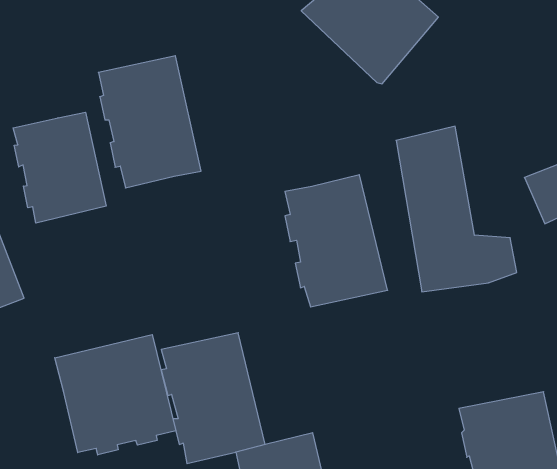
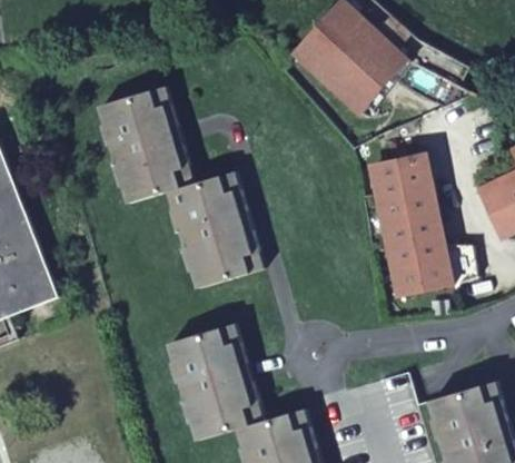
building: [13,112,106,223] -> none
building: [285,175,388,307] -> [178,177,267,292]
building: [55,335,176,455] -> none

